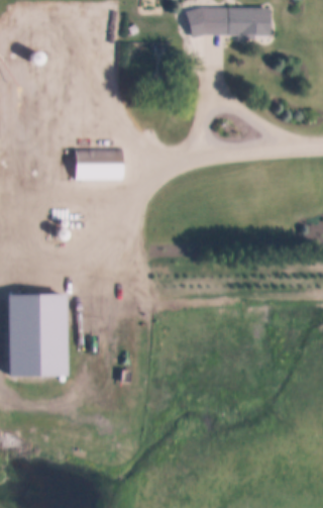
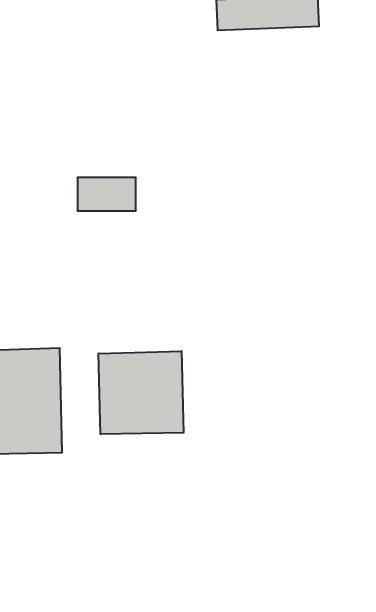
building: none -> [99,351,184,434]

